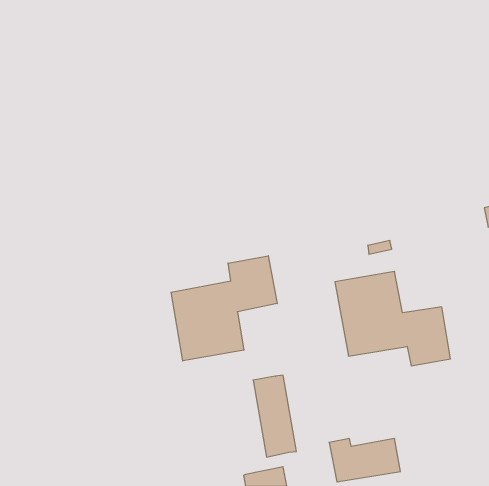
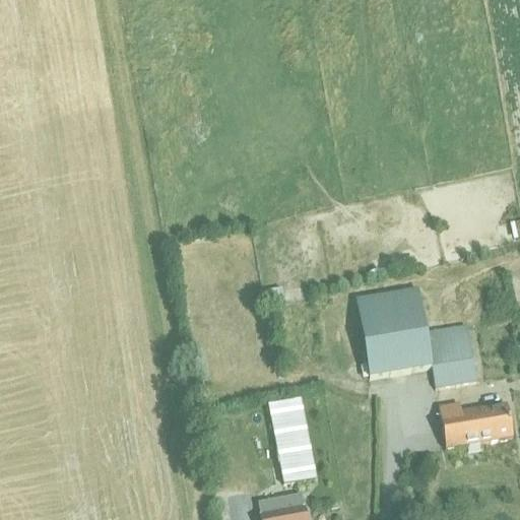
building: [171,256,277,361] -> none
building: [329,439,400,482] -> [440,401,515,447]

